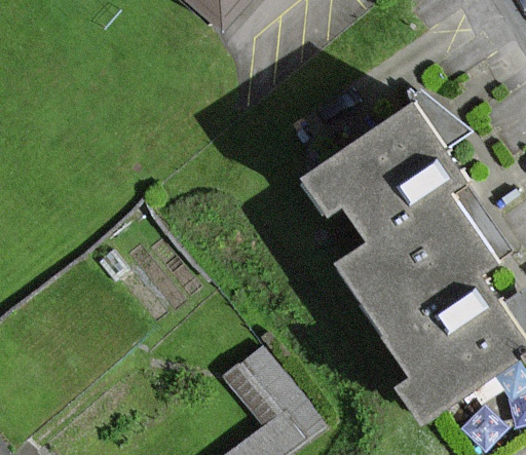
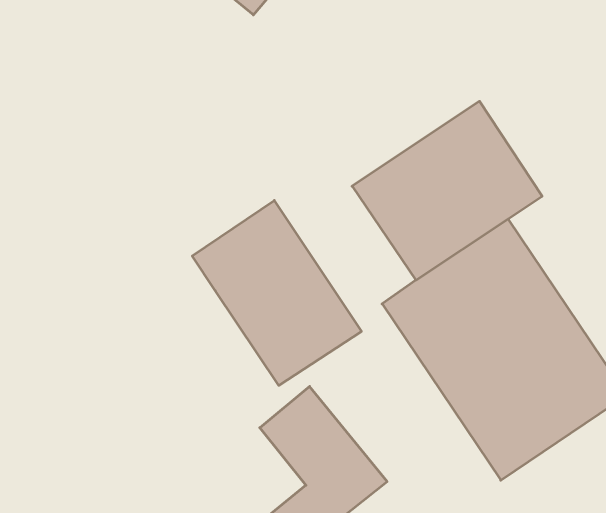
building: none -> [192,200,361,385]

